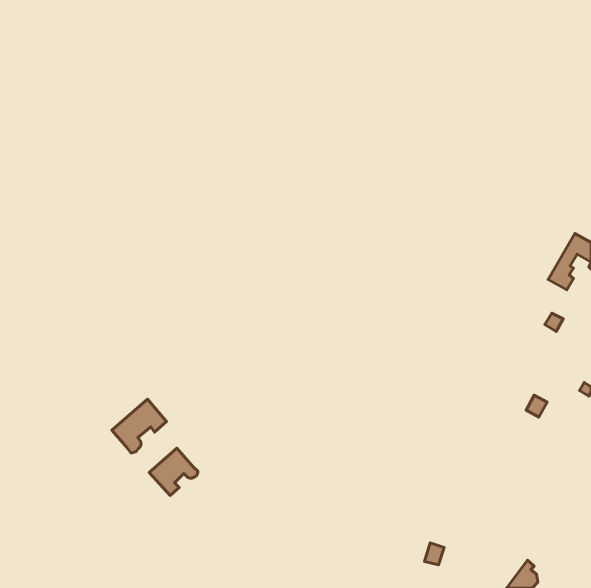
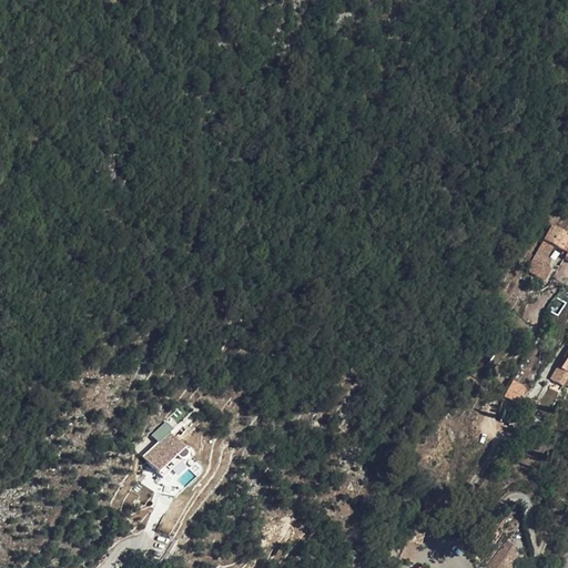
building: [112,399,166,453] -> none

